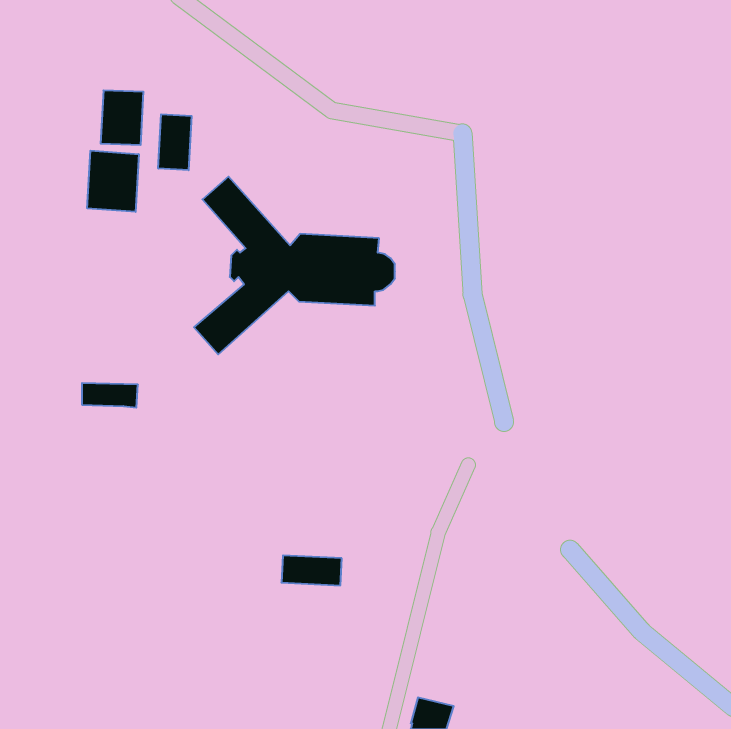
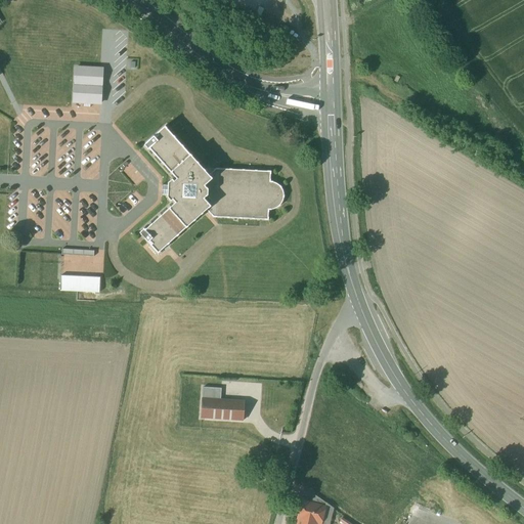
building: [158,114,192,170] -> none
building: [87,151,139,212] -> none

